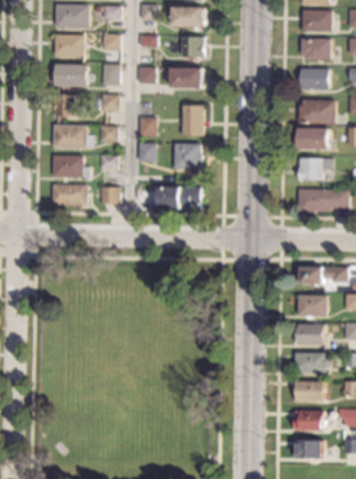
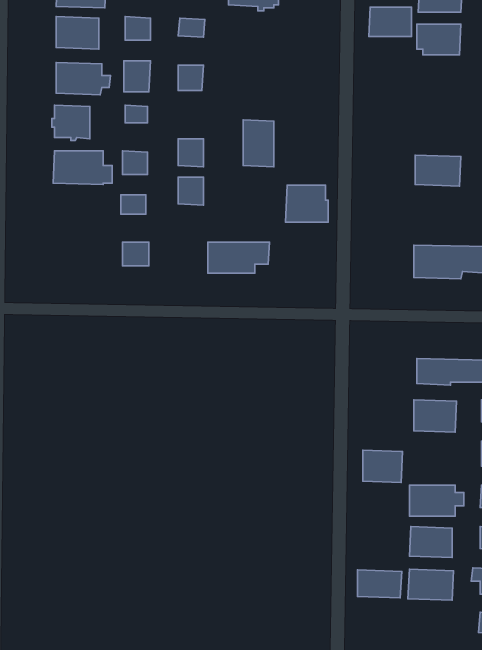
building: [179,37,206,57] -> none
building: [170,68,202,88] -> none
building: [299,69,328,89] -> [369,7,411,37]
building: [298,100,335,124] -> none
building: [172,143,202,168] -> [286,185,328,222]
building: [52,155,89,177] -> none
building: [298,158,333,180] -> none
building: [51,184,86,205] -> none
building: [298,324,325,346] -> [363,450,403,483]
building: [294,440,324,459] -> [358,570,402,598]

